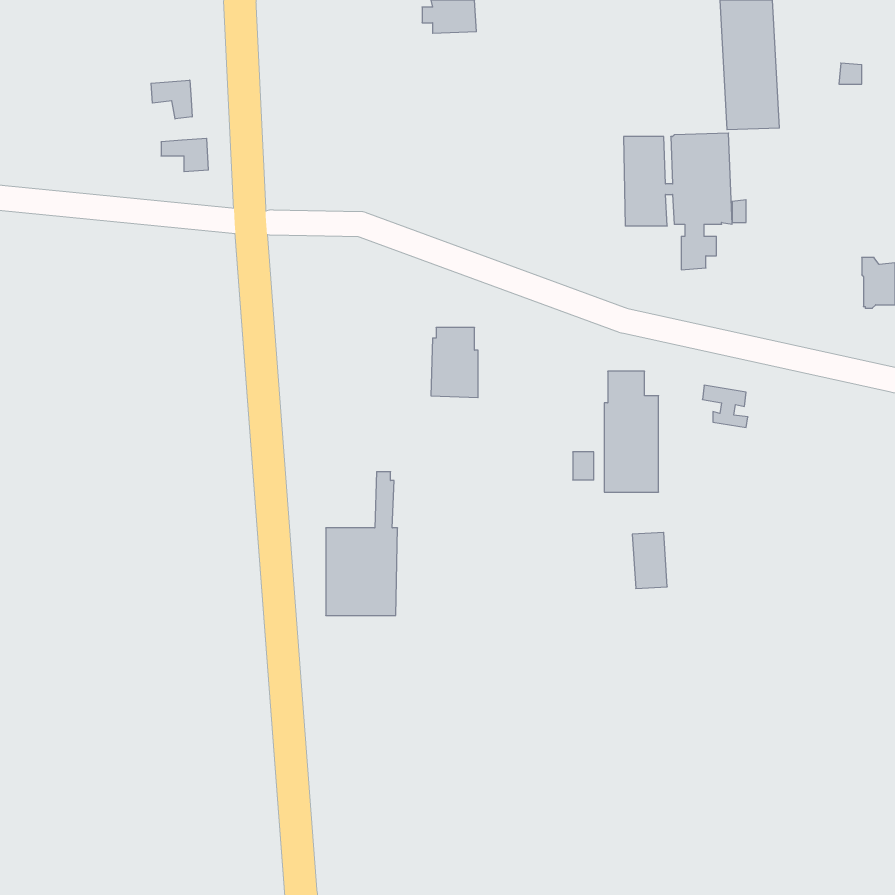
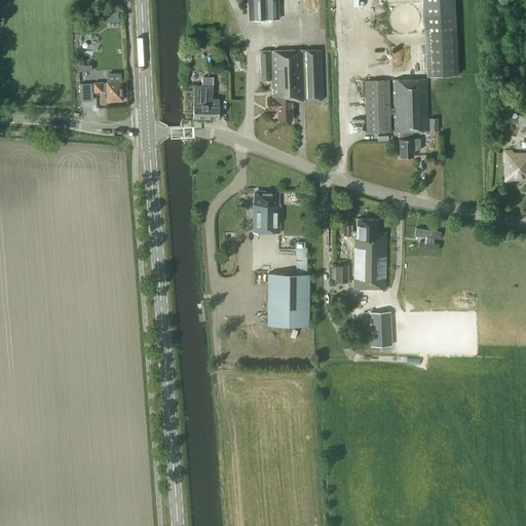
building: [151,80,192,119] -> none
building: none -> [260,49,323,121]
building: none -> [193,77,221,119]
building: [326,472,398,615] -> [267,241,309,326]

